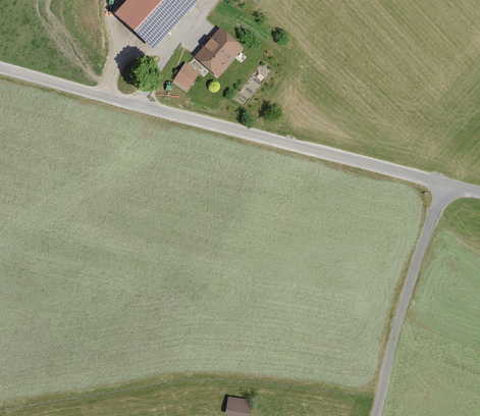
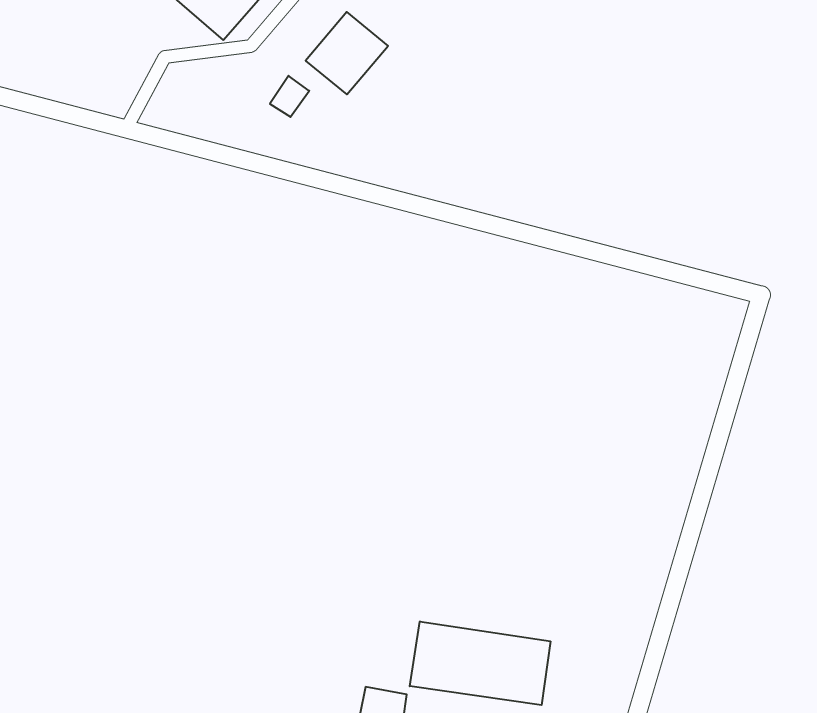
building: none -> [410,621,550,705]

